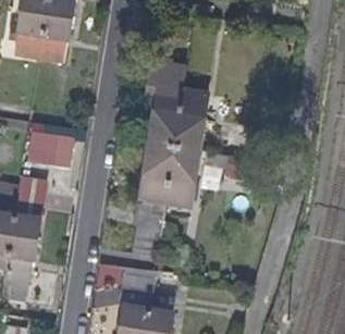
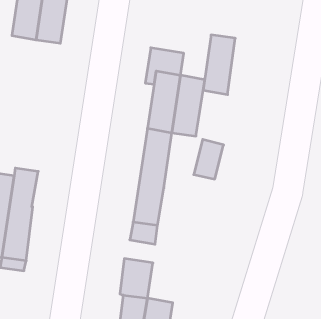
building: [24,132,72,171] -> none
building: [165,146,197,205] -> [203,35,235,95]

